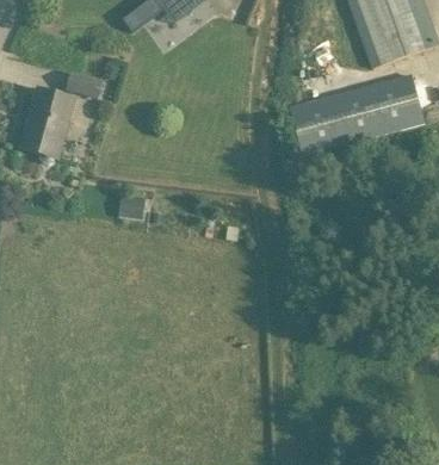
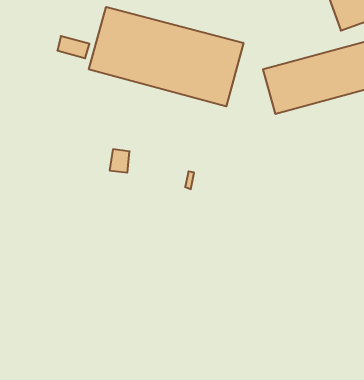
building: none -> [89,7,243,106]
building: [21,87,76,157] -> none

